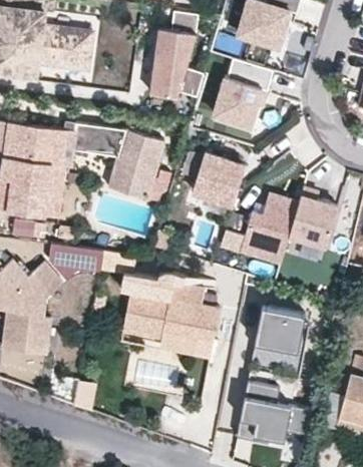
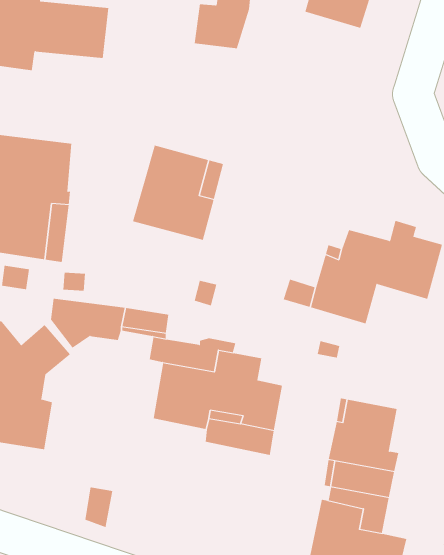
building: [149,58,204,98] -> none
building: [212,58,272,125] -> none
building: [62,126,125,167] -> none
building: [192,154,244,205] -> none

